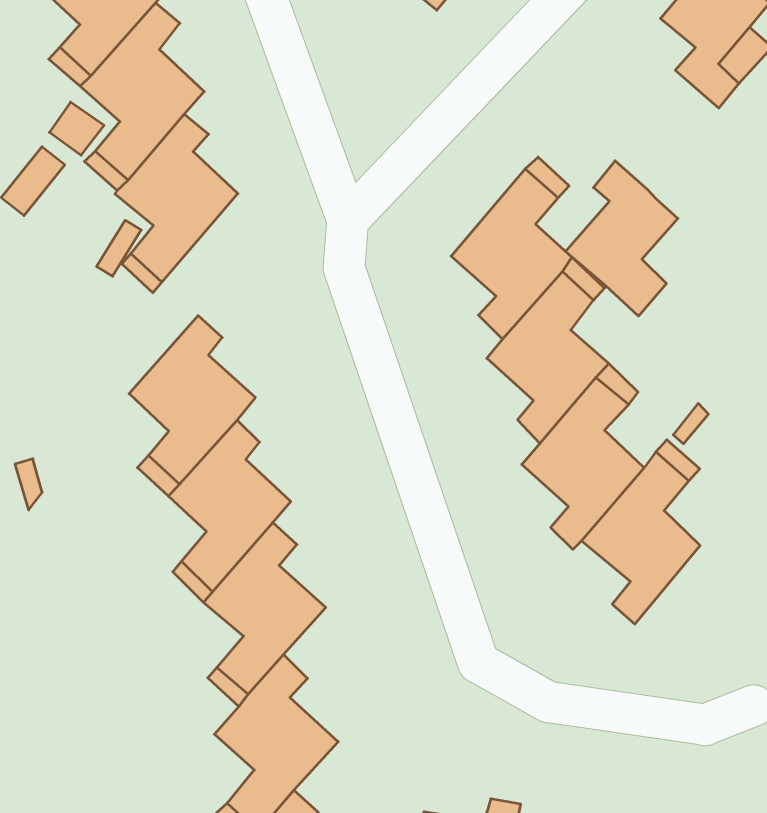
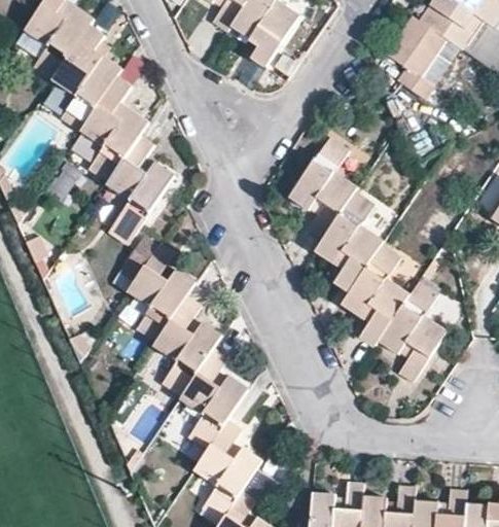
building: [566,161,678,316] -> none

